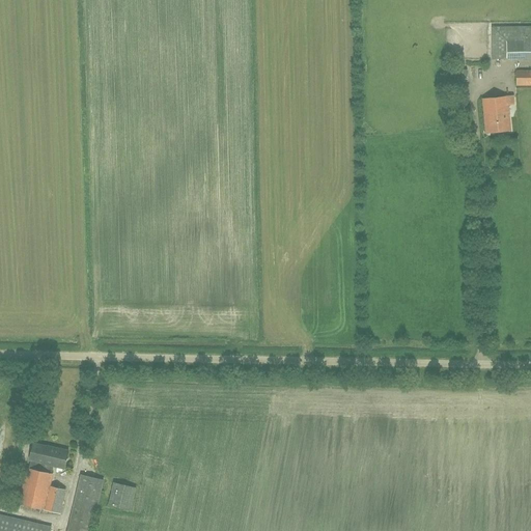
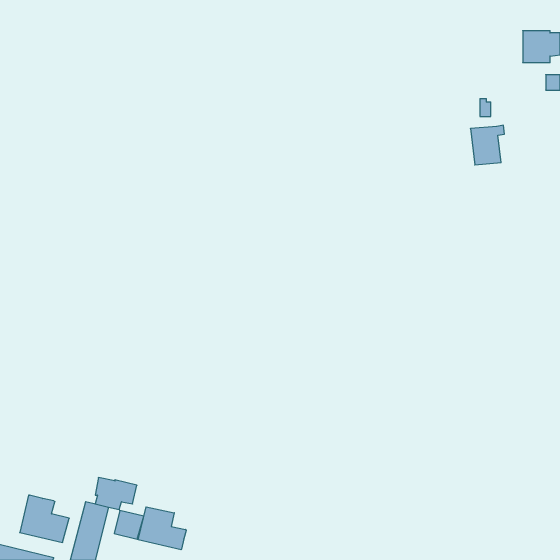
building: [481,95,513,133] -> [470,125,504,165]
building: [28,443,67,473] -> [95,478,137,509]
building: none -> [138,507,186,550]

